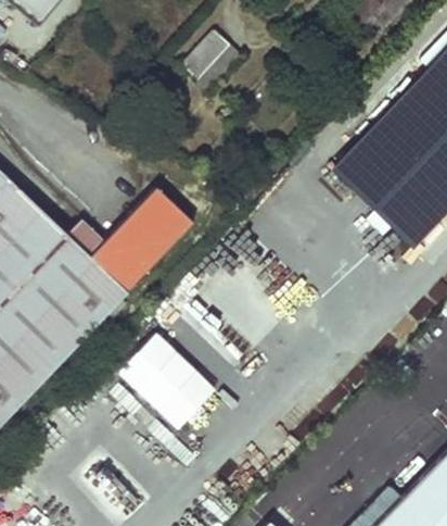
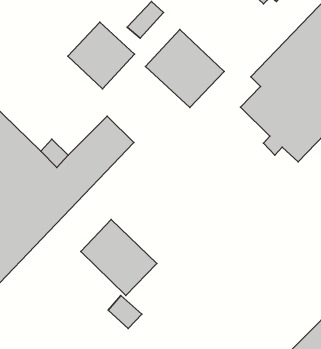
building: none -> [68,22,135,89]
building: none -> [145,30,224,108]

